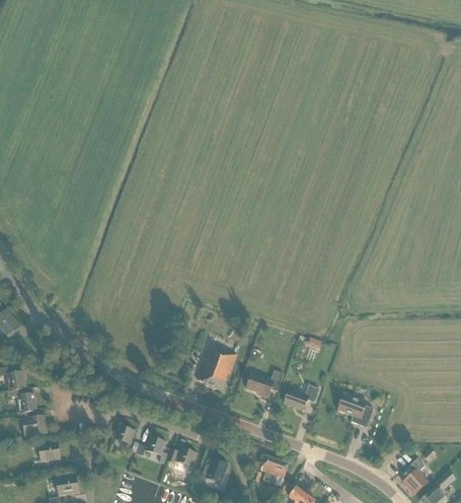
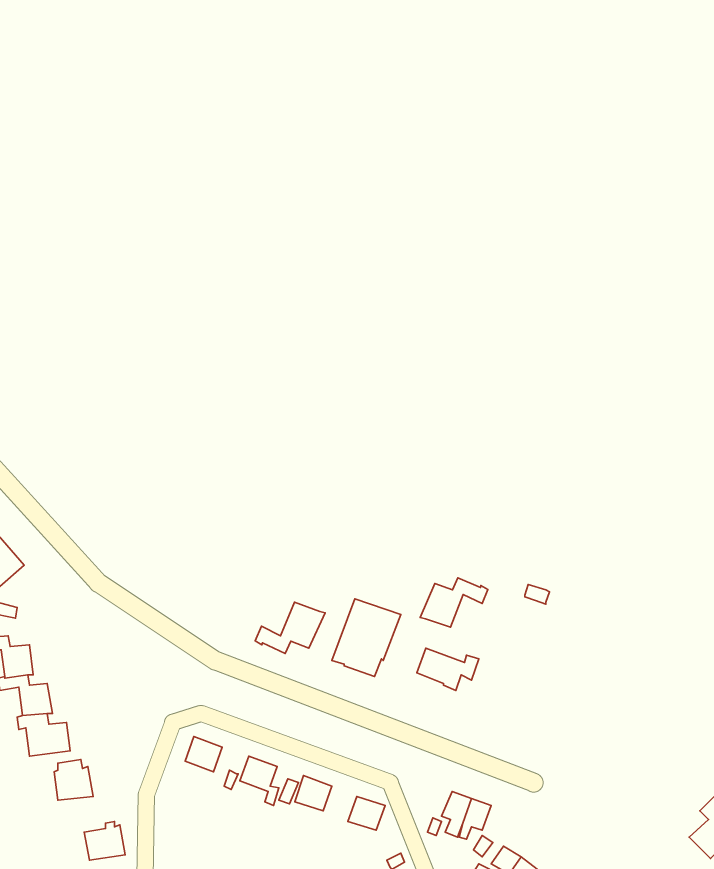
building: none -> [420,578,488,627]
building: none -> [255,602,325,654]
building: [283,384,318,410] -> none
building: [336,392,373,427] -> none

